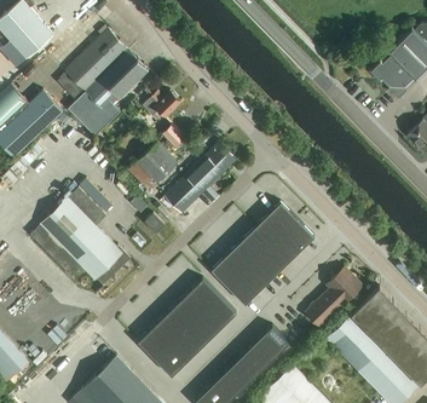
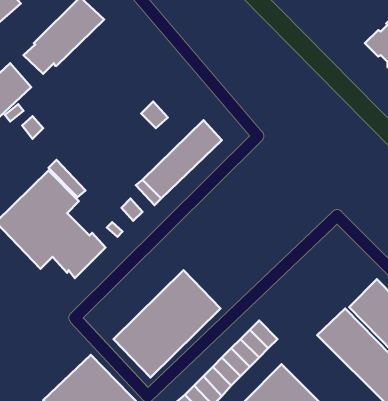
building: [68,50,149,137] -> none
building: [142,91,180,117] -> none
building: [128,142,178,190] -> none
building: [212,202,315,304] -> none
building: [306,269,360,327] -> none

